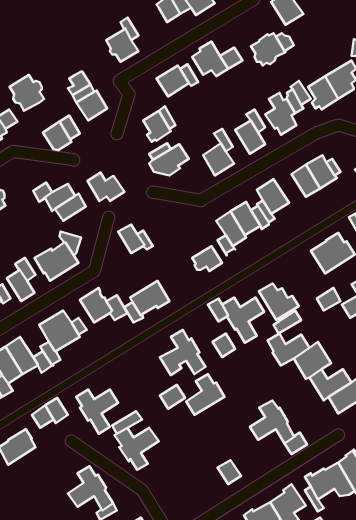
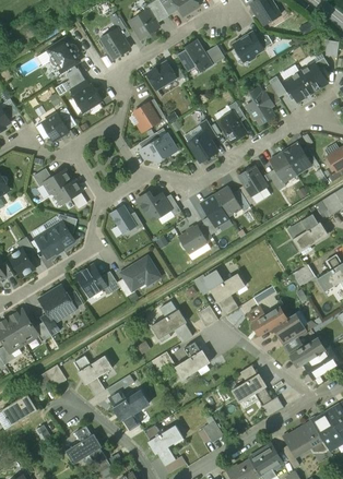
building: none -> [128,9,158,38]
building: [10,75,44,111] -> [47,38,79,71]
building: [87,173,124,201] -> [137,191,170,217]
building: [259,284,299,320] -> none
building: none -> [143,426,181,466]

